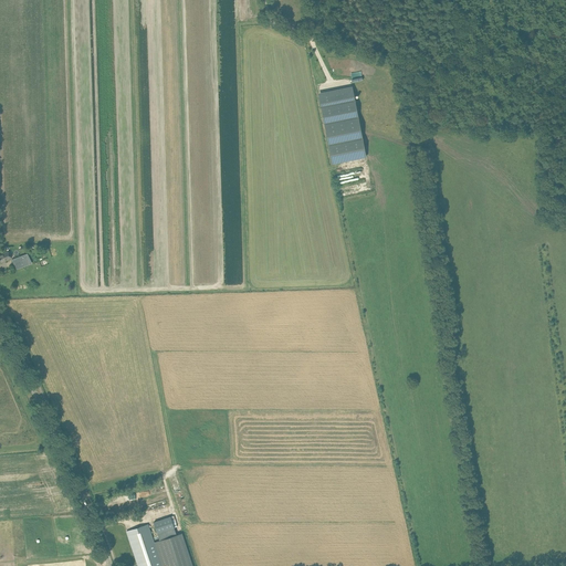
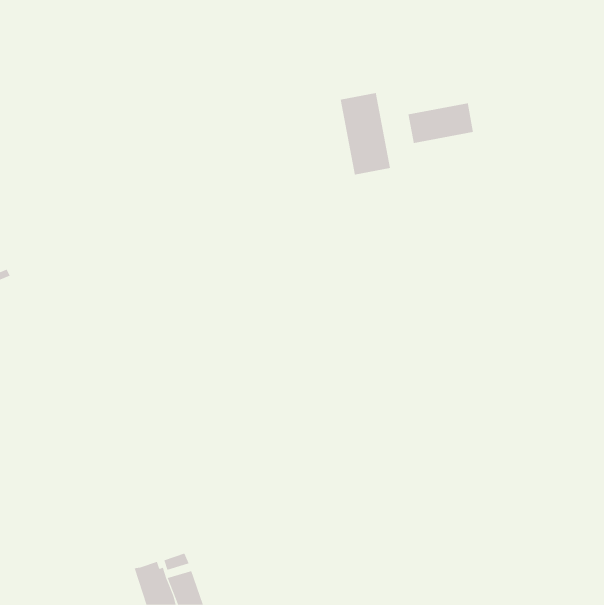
building: none -> [408,102,474,144]

